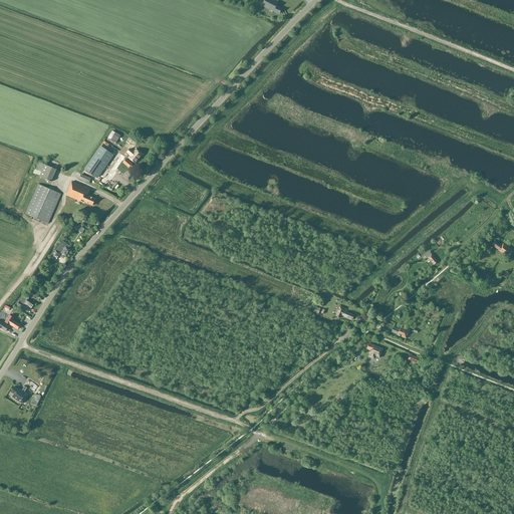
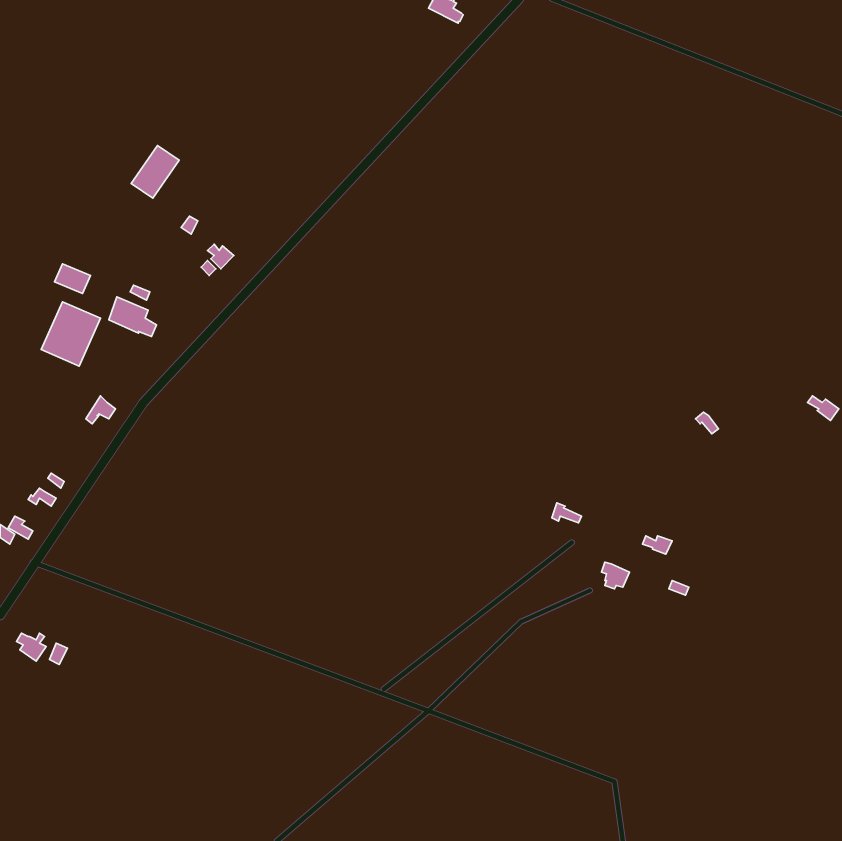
building: [84,145,113,177] -> [131,145,179,198]

